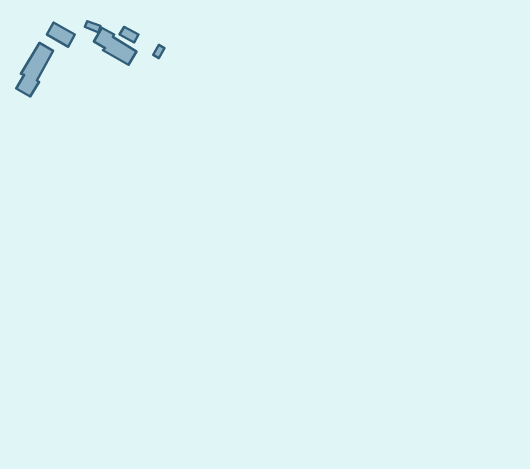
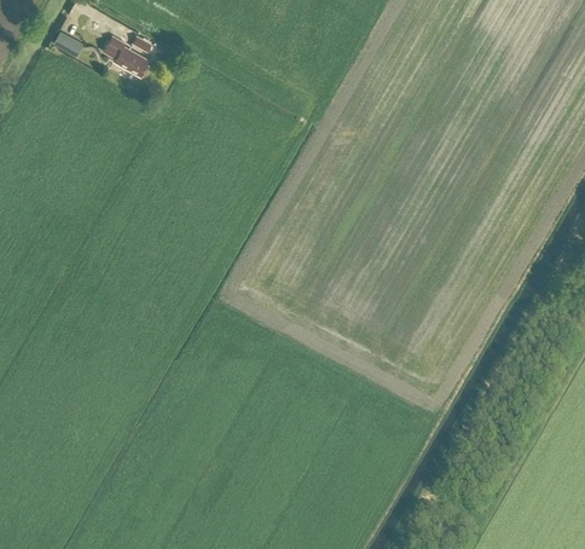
building: [16,43,53,97] -> none

